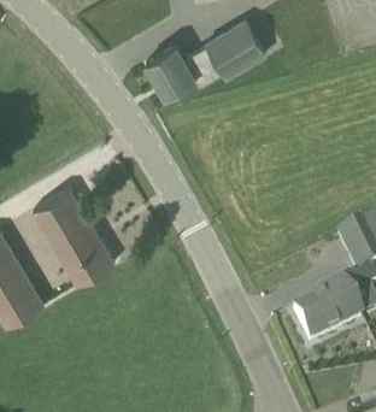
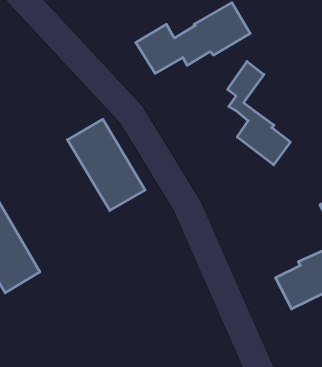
building: none -> [228,61,290,165]
building: [33,186,114,282] -> [67,119,145,211]

